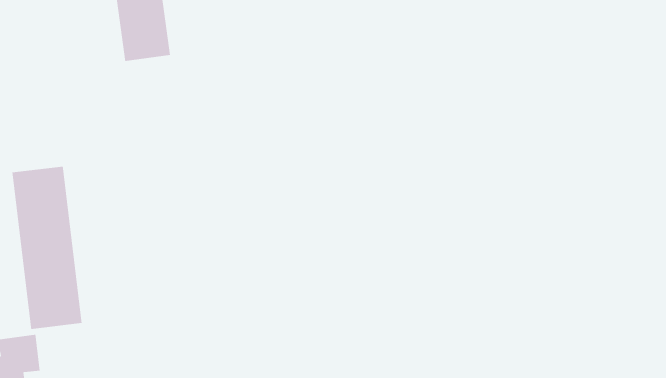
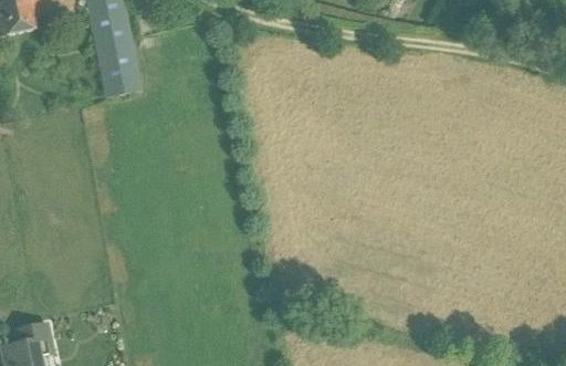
building: [12,166,82,330] -> none

